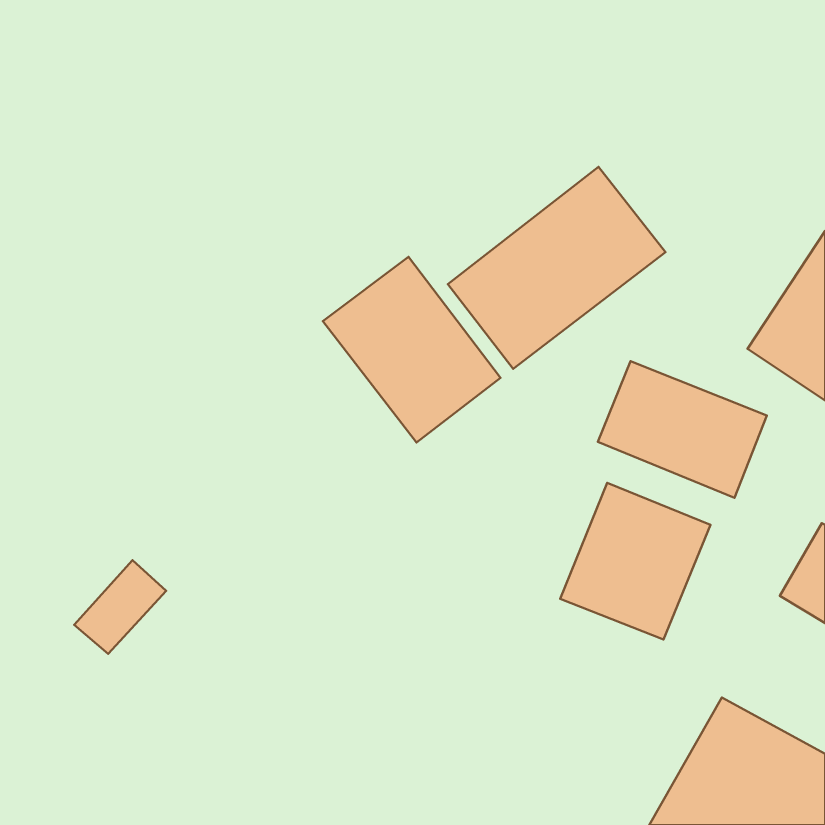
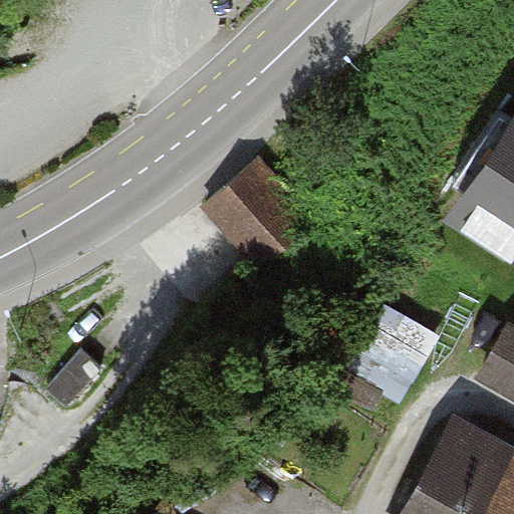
building: [448,167,666,369] -> none
building: [598,361,767,498] -> none

